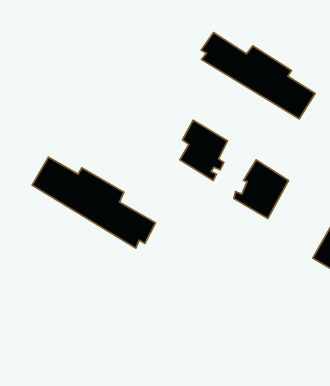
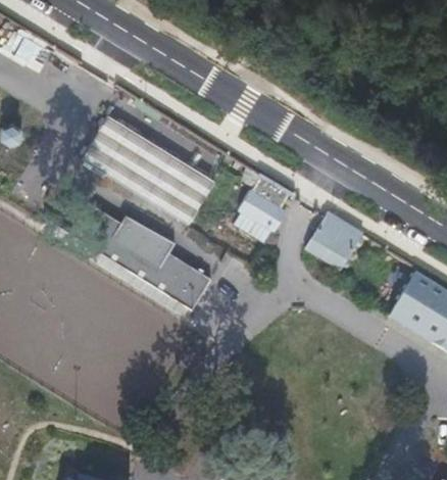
building: [201,33,315,119] -> none
building: none -> [85,117,215,225]

